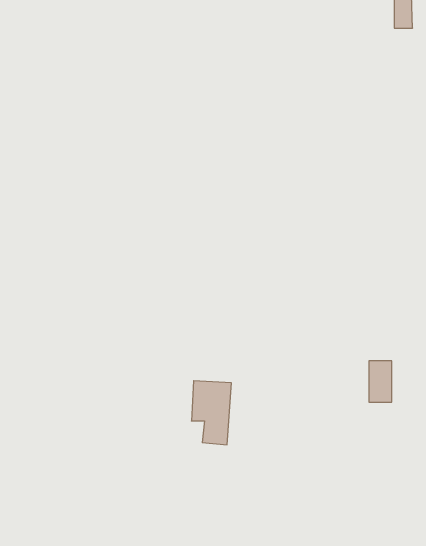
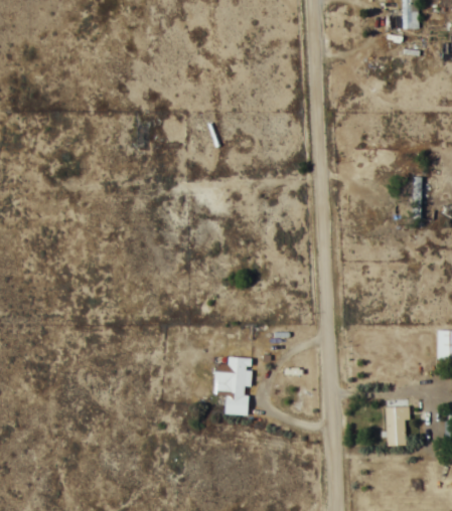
building: [369,361,392,402] -> [386,407,407,446]

